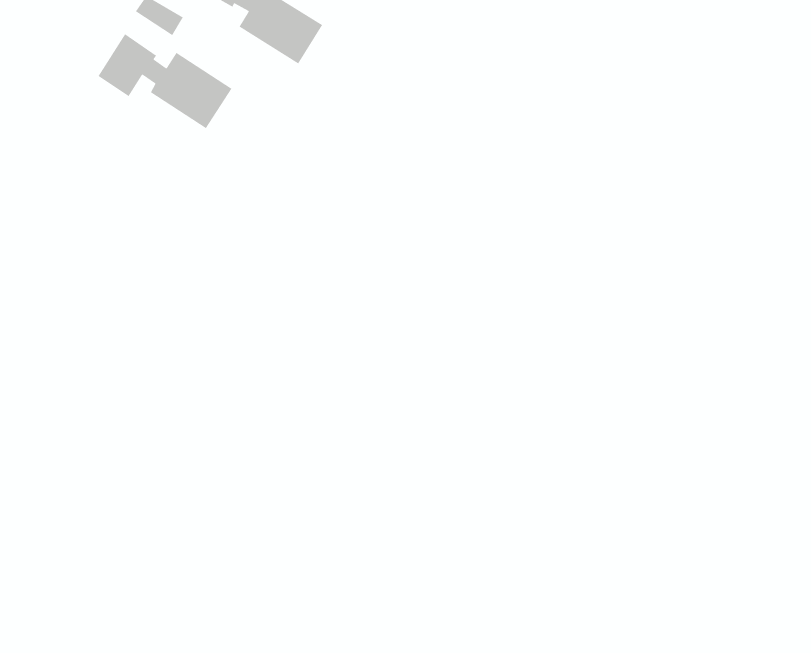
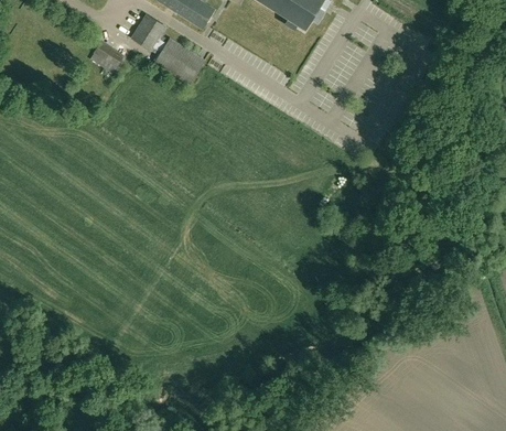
building: [98,33,233,129] -> none

